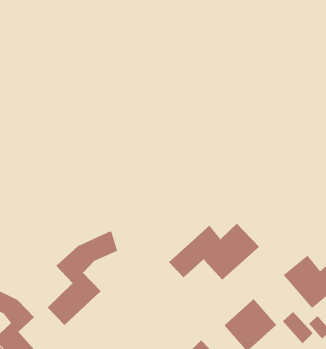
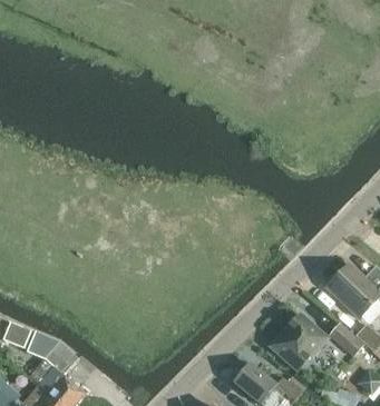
building: [168,223,260,281] -> none
building: [47,230,118,326] -> none

